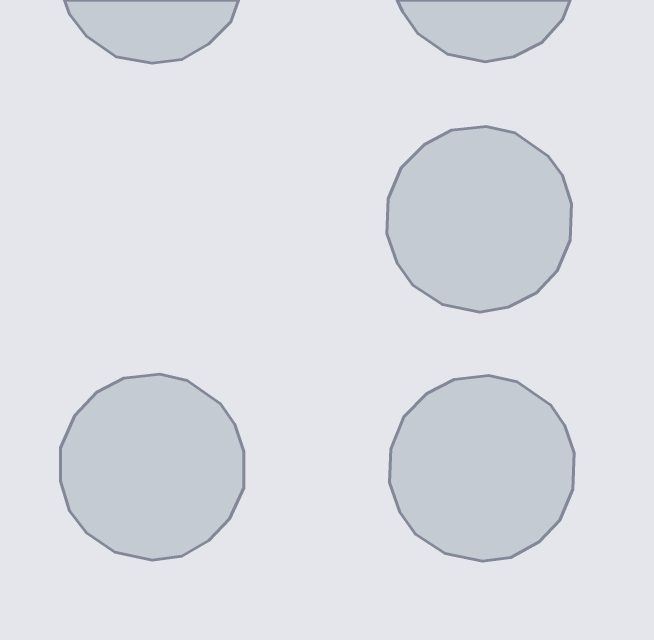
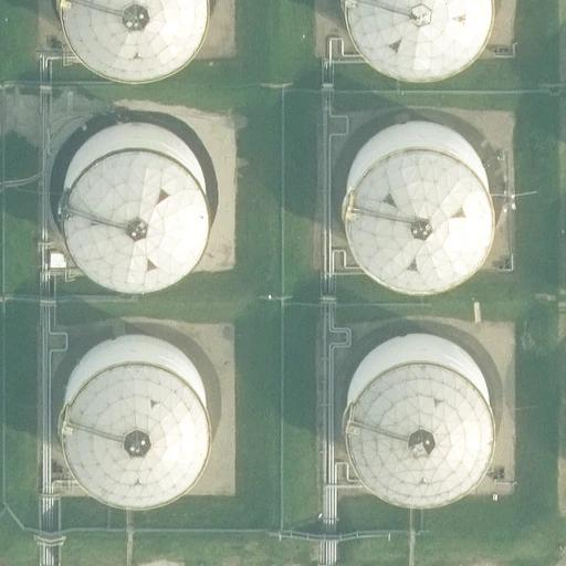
building: none -> [56,123,214,282]

